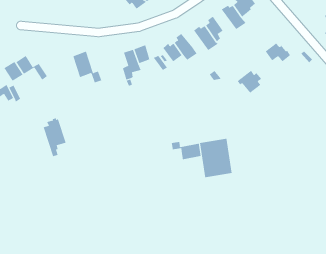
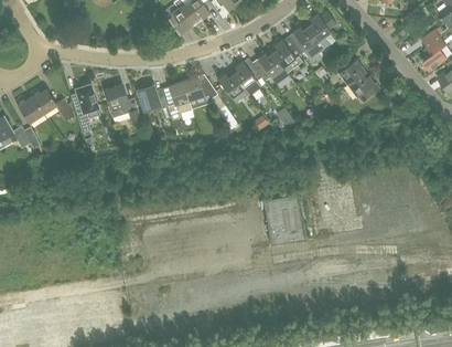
building: none -> [137,84,171,118]
building: [237,70,262,94] -> [331,54,363,84]
building: [43,118,66,157] -> [71,82,100,132]
building: [171,141,201,160] -> none

